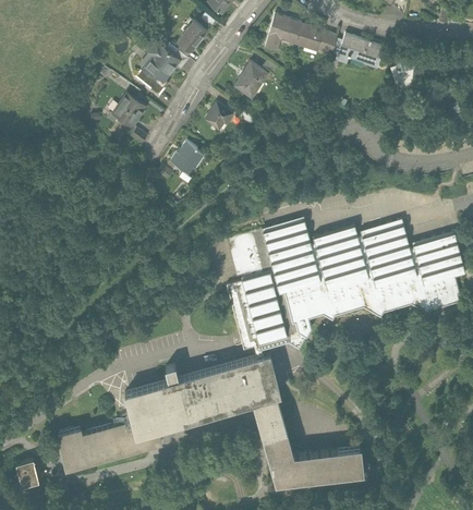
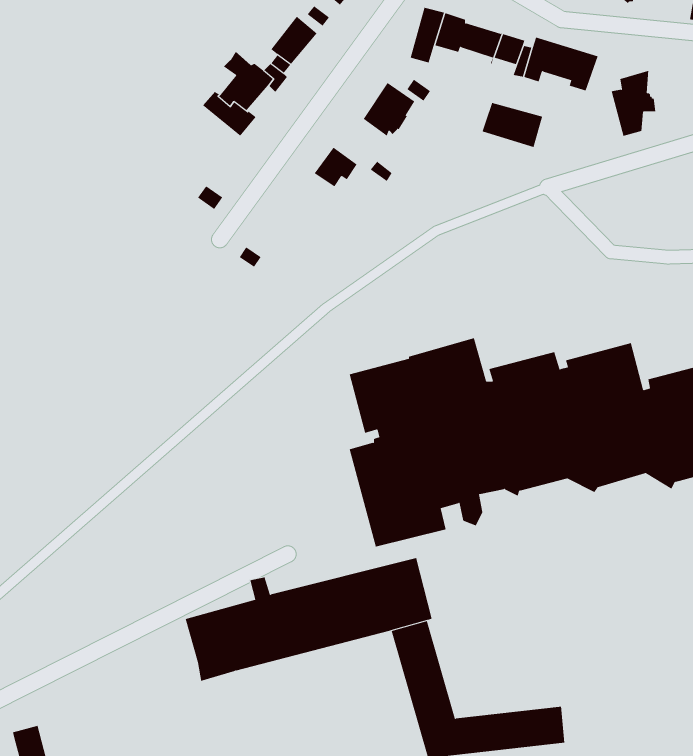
building: none -> [482,102,543,148]
building: [111,92,145,125] -> none
building: [171,139,203,171] -> none
building: [57,423,160,469] -> none

